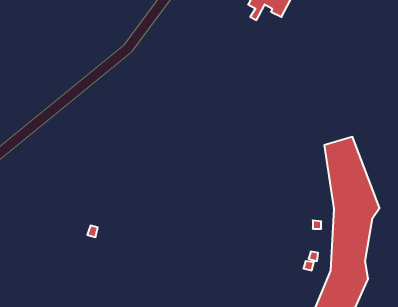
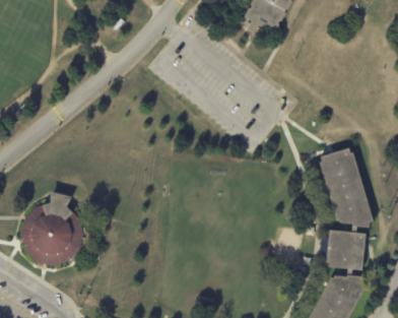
building: none -> [15,201,81,267]

